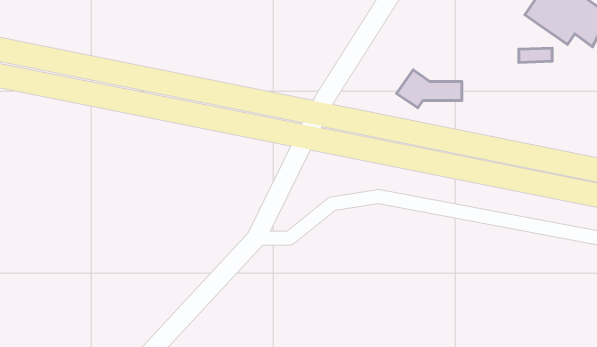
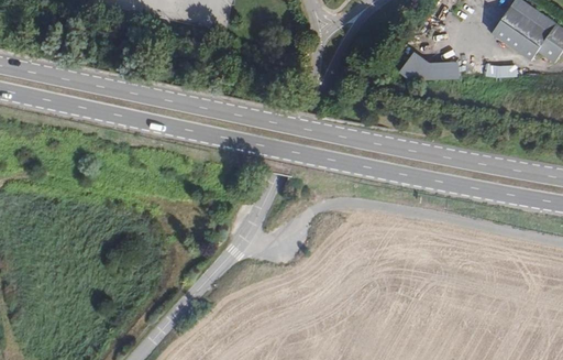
building: [397,70,462,108] -> [397,52,457,87]

